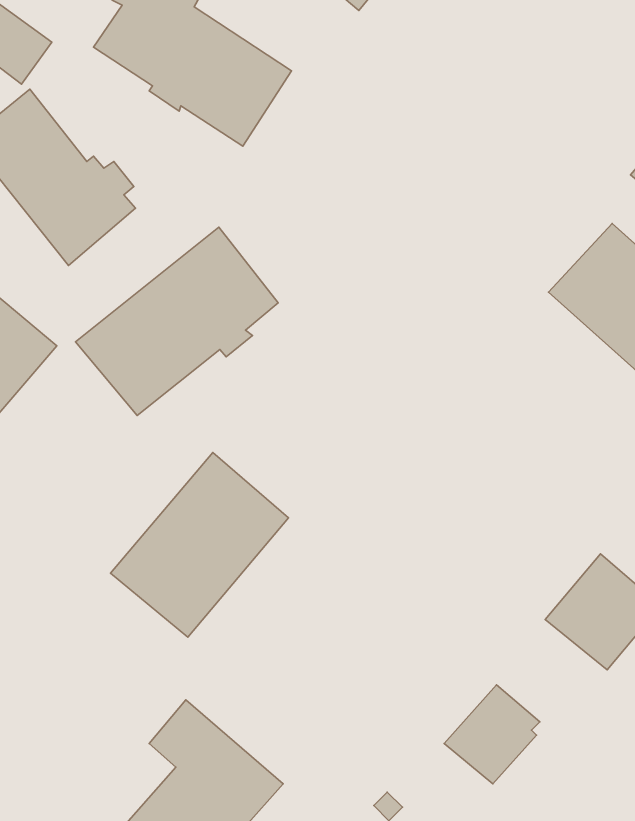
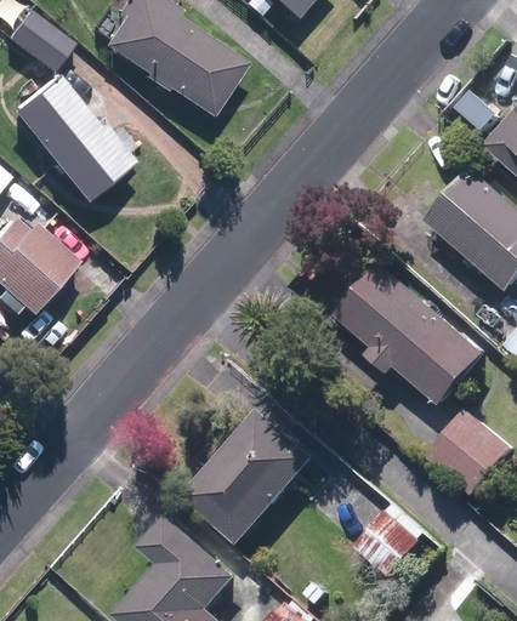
building: [76,227,278,416] -> none
building: none -> [339,264,487,405]
building: [111,453,288,637] -> [186,411,314,545]

